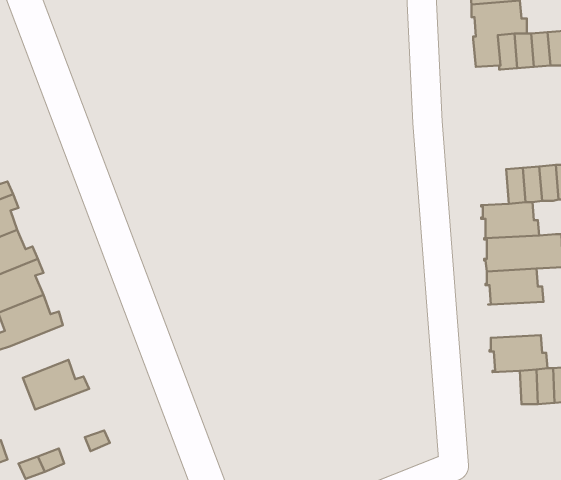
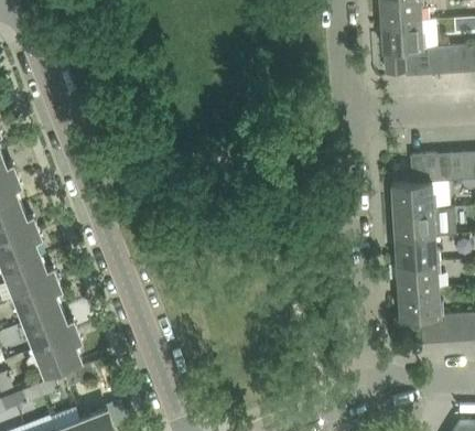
building: none -> [395,262,440,291]
building: none -> [13,281,60,323]
building: none -> [33,332,79,376]

